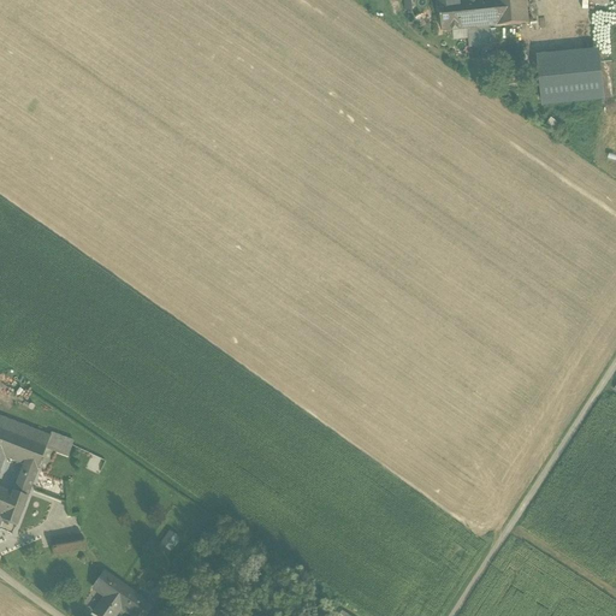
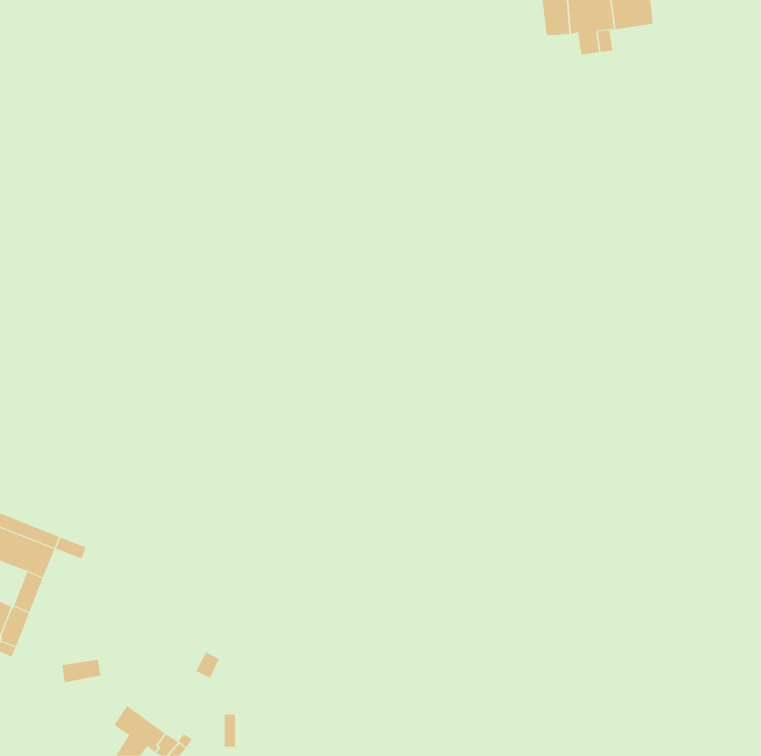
building: [537,46,602,100] -> none

